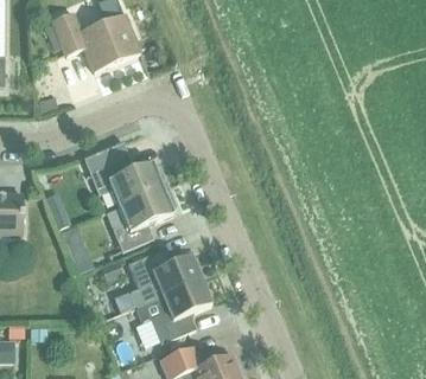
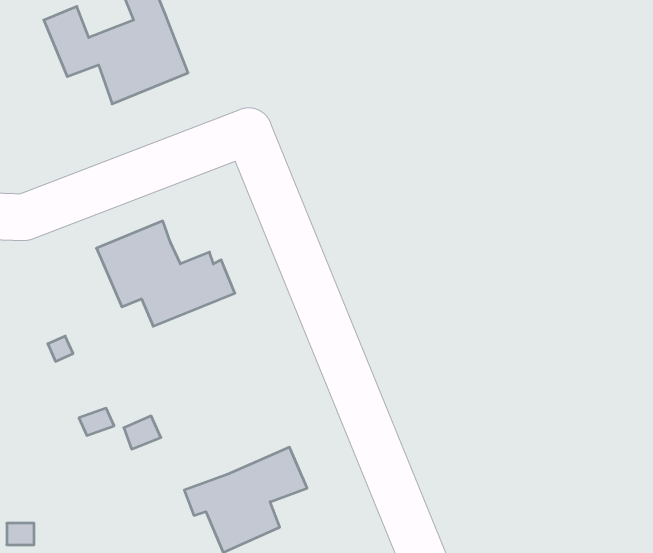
building: [112,186,174,251] -> none
building: [114,249,201,313] -> none

